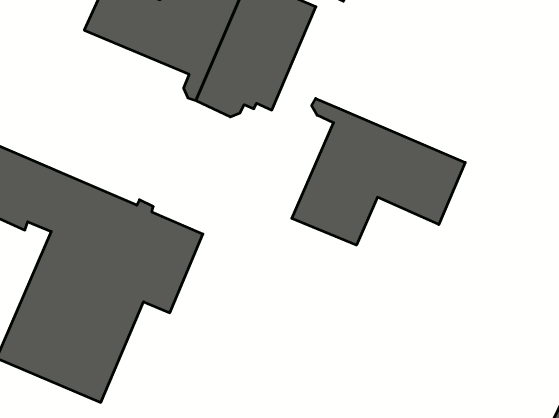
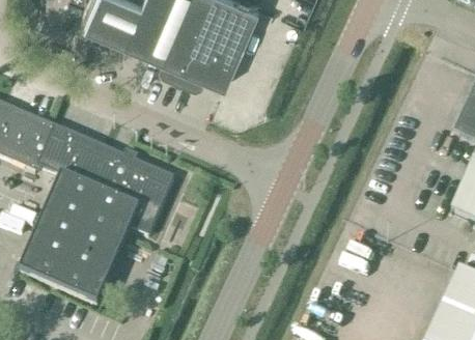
building: [292,98,465,245] -> none

